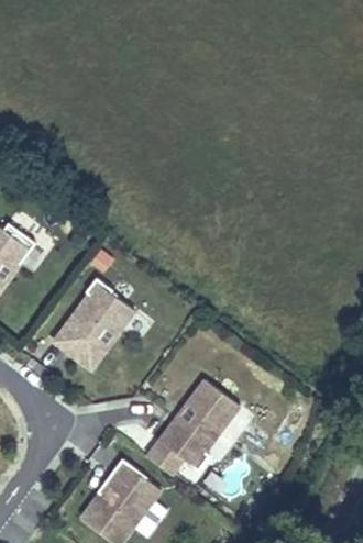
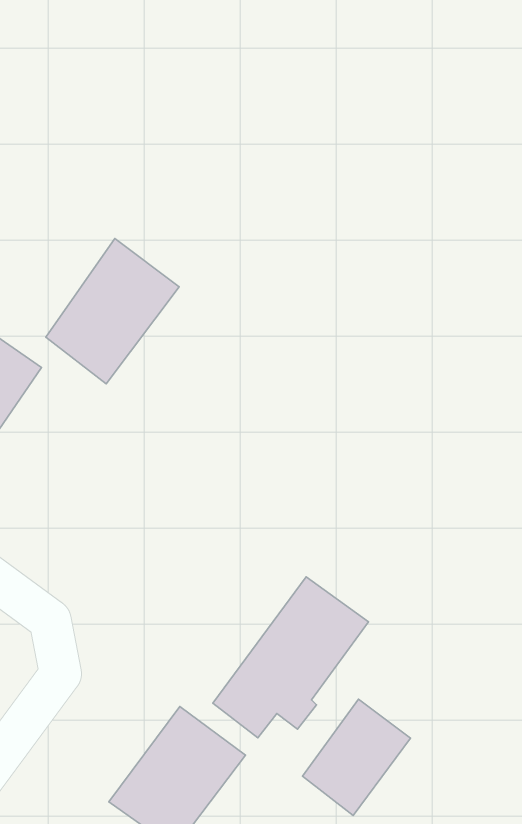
building: [51,280,135,373] -> [46,238,179,384]
building: none -> [303,699,410,815]

